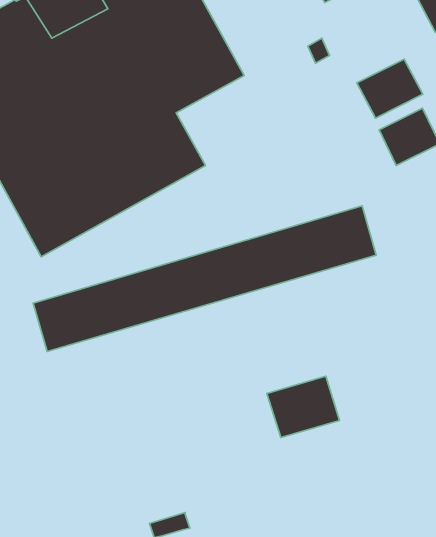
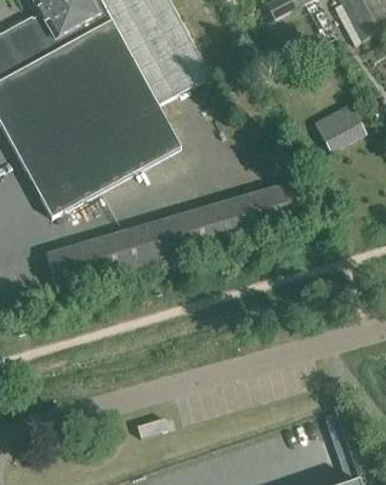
building: [357,59,423,118] -> none
building: [267,376,340,438] -> none

